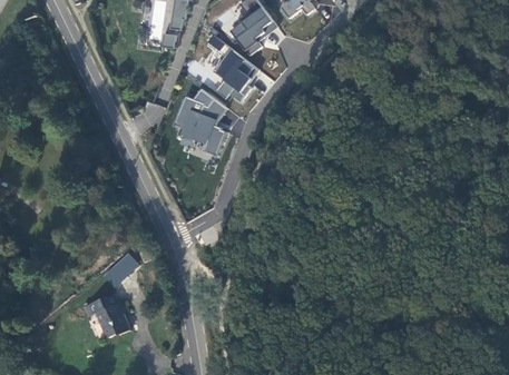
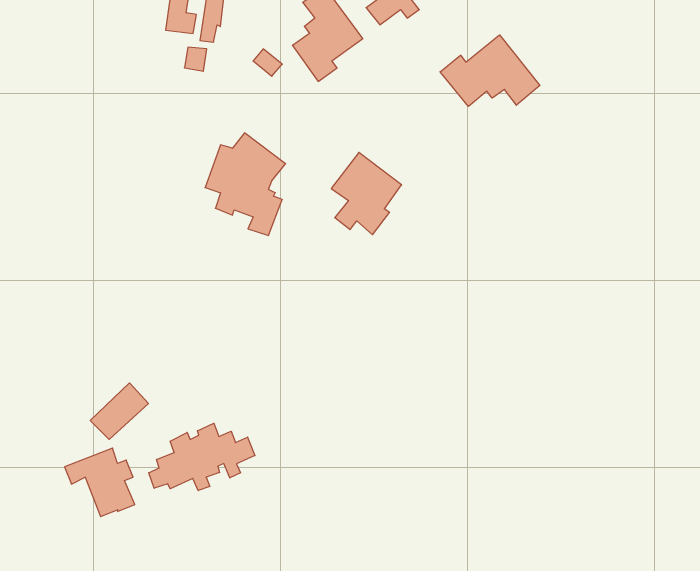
building: none -> [440,35,540,106]
building: [213,48,258,101] -> [331,152,402,235]
building: none -> [149,423,255,491]

